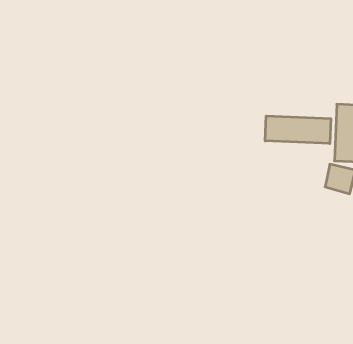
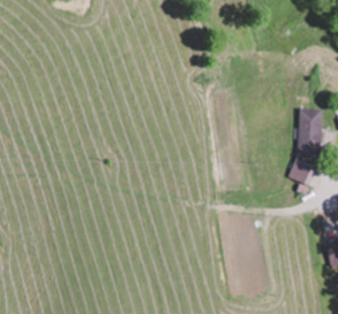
building: [265,116,331,144] -> none

